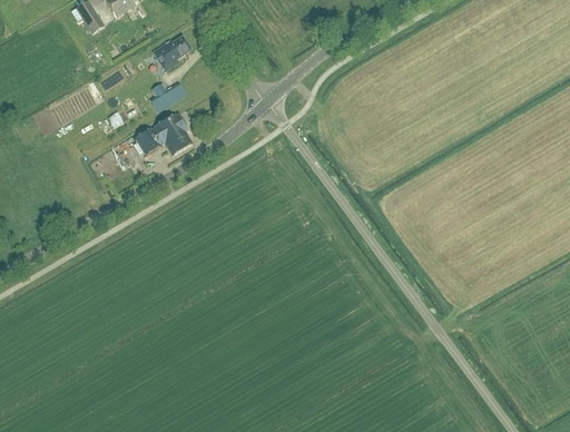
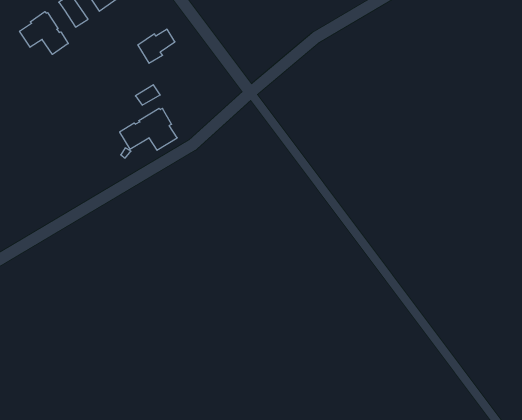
building: none -> [20,12,68,54]

